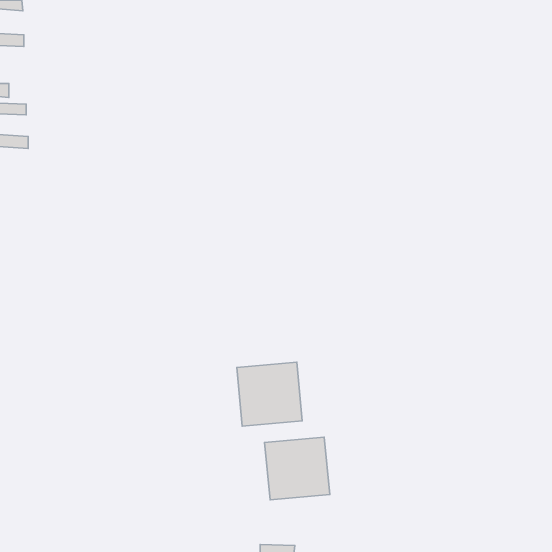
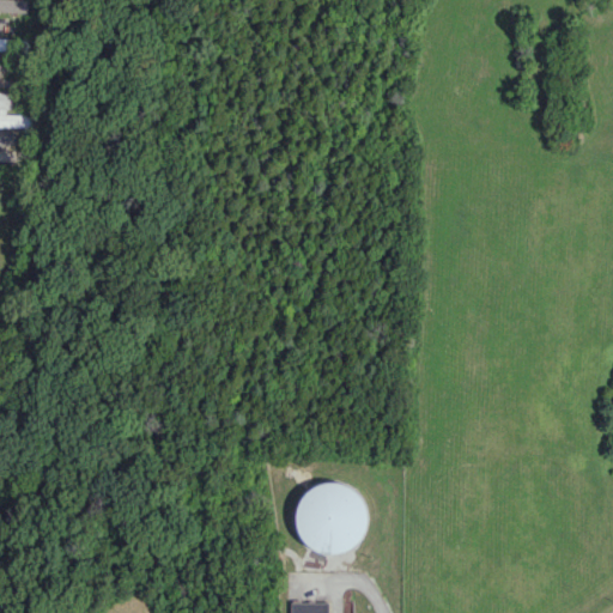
building: [237,362,302,426] -> none

